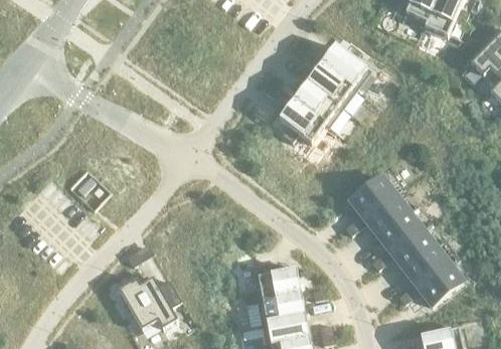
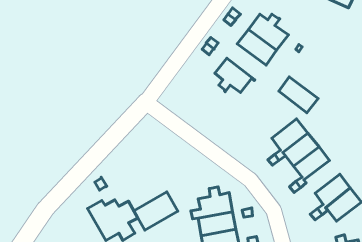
building: [293,81,342,127] -> [279,77,318,113]
building: [389,228,435,270] -> none
building: none -> [134,192,178,230]

